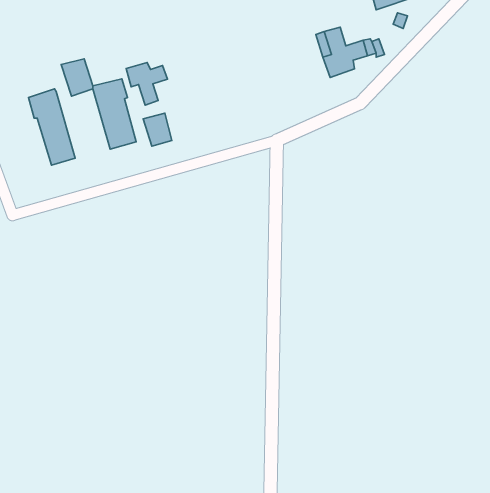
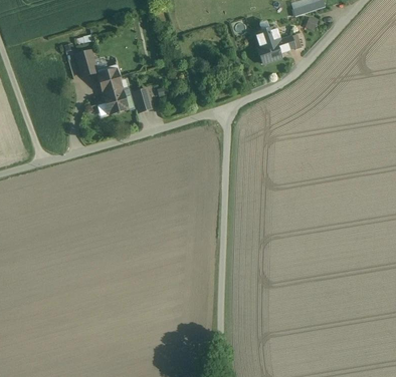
building: [126,62,167,105] -> none
building: [29,89,75,165] -> none

